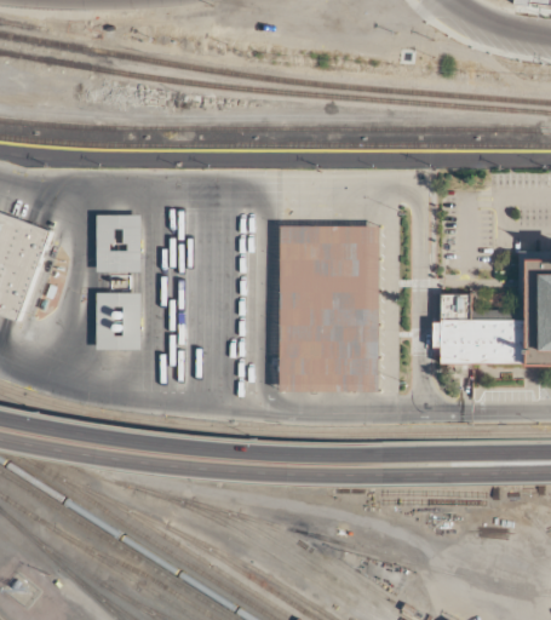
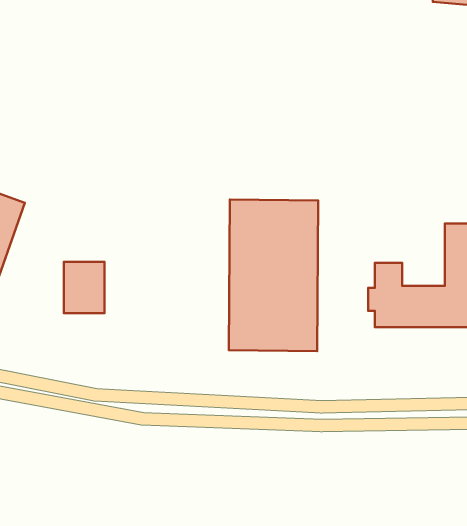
building: [96,216,142,272] -> none

